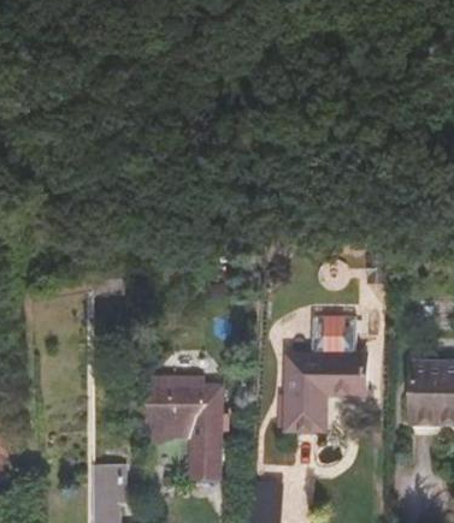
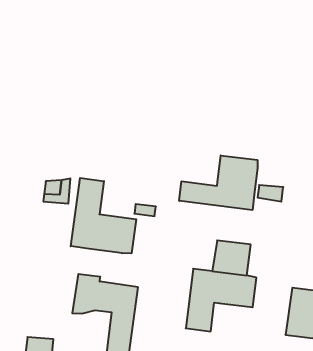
building: none -> [179,155,258,210]
building: none -> [71,178,136,253]

